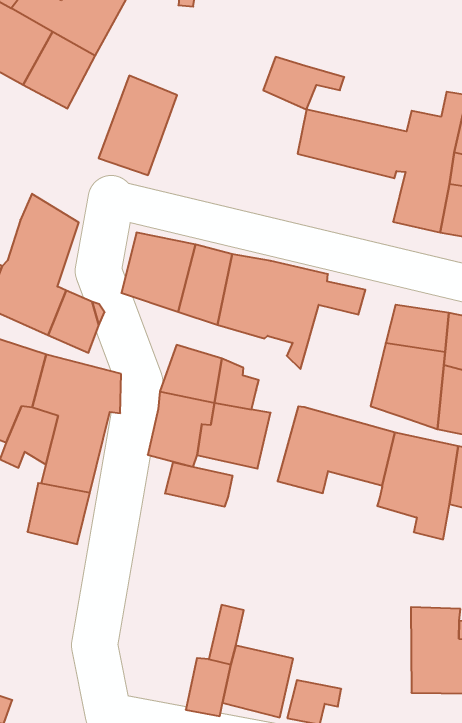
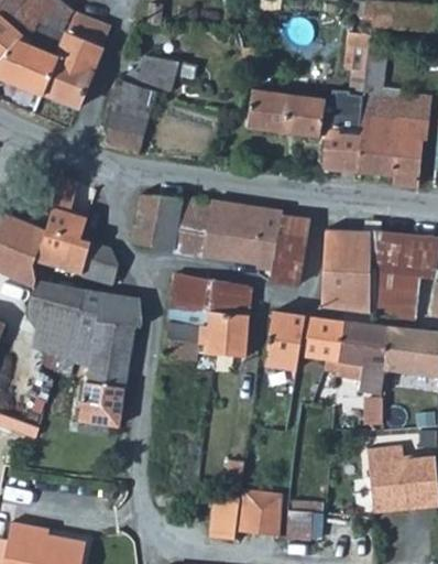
building: [263,57,344,110] -> [142,53,200,89]
building: none -> [269,234,307,286]
building: [165,462,232,507] -> none

